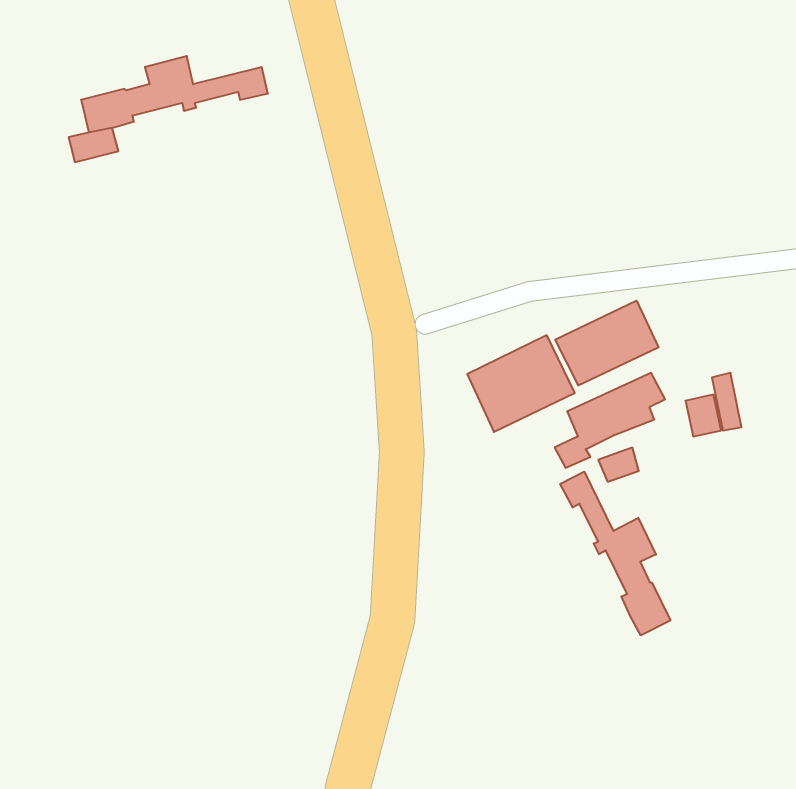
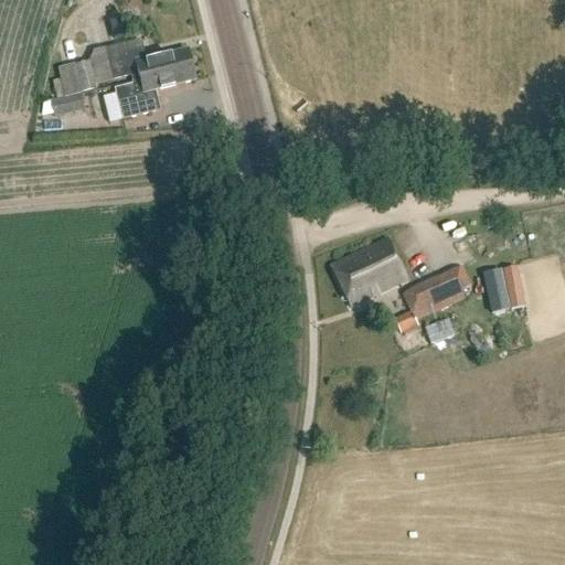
building: none -> [115,65,193,117]
building: [555,301,659,385] -> none
building: [560,472,670,635] -> none

